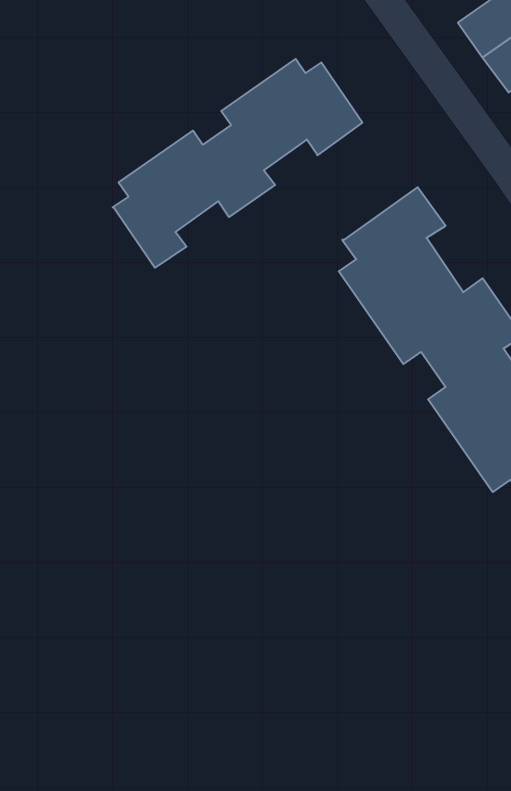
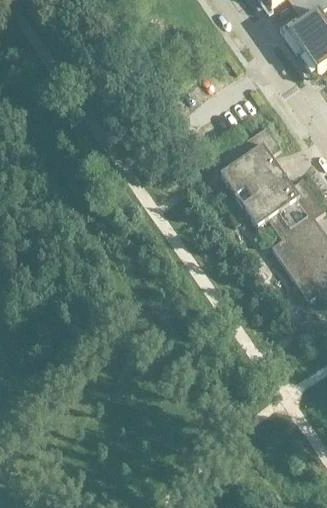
building: [113,59,362,268] -> none

